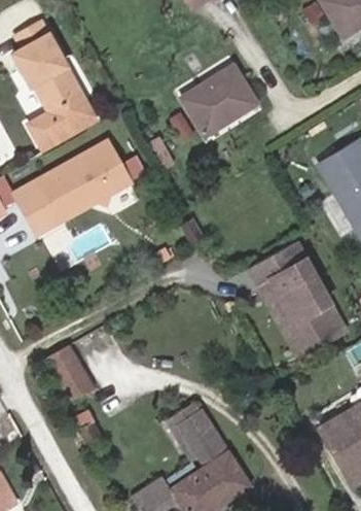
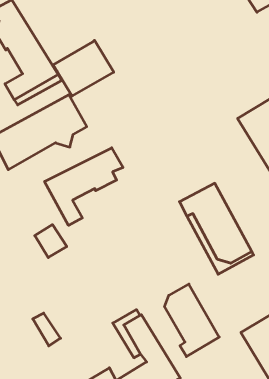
building: [182,68,256,136] -> [53,40,114,96]
building: none -> [45,148,123,225]
building: [47,354,86,395] -> [35,225,67,258]
building: none -> [165,284,219,357]

